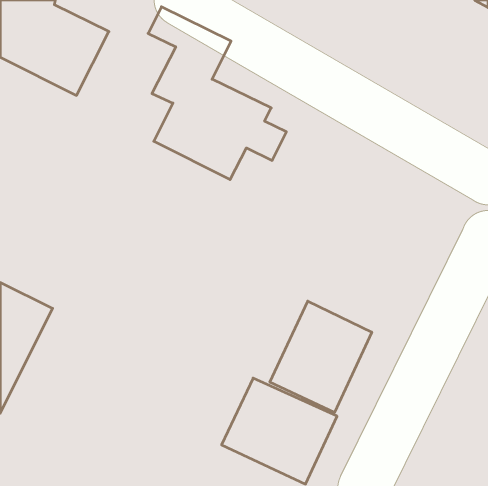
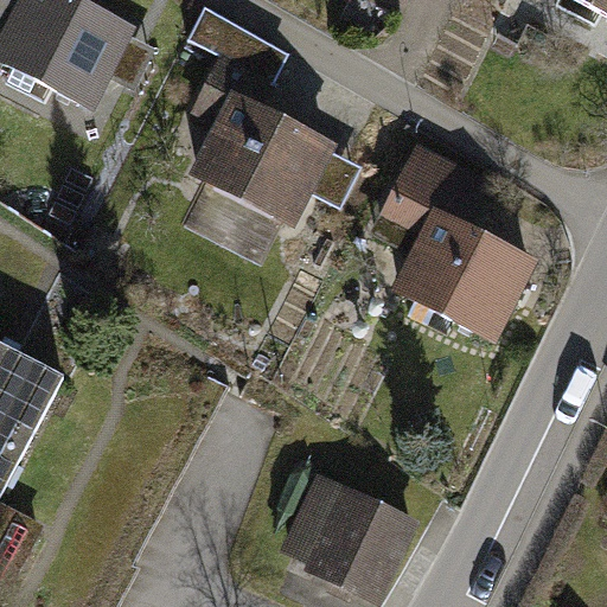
building: none -> [371,146,536,338]
building: [270,301,372,412] -> none

